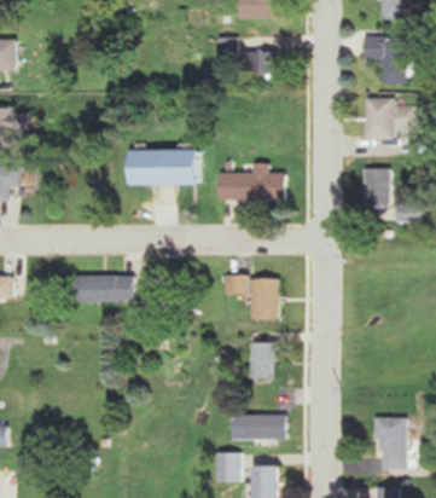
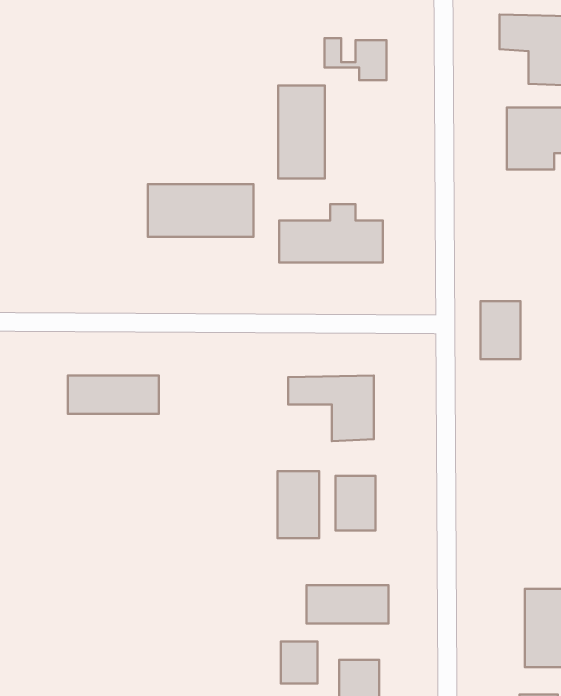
building: none -> [278,85,325,179]
building: [360,168,386,207] -> [481,301,521,359]
building: none -> [277,471,319,538]

